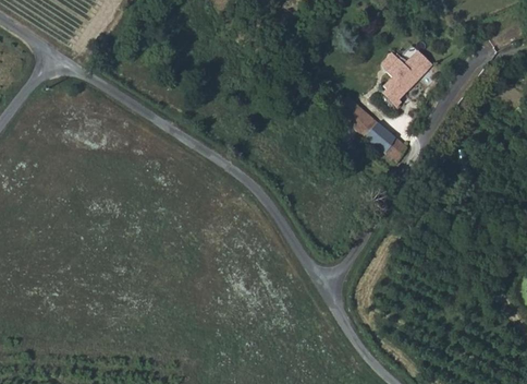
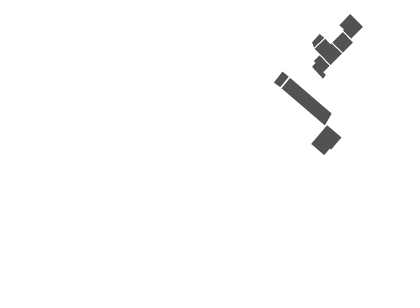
building: none -> [339,13,364,40]
building: none -> [310,124,342,156]

